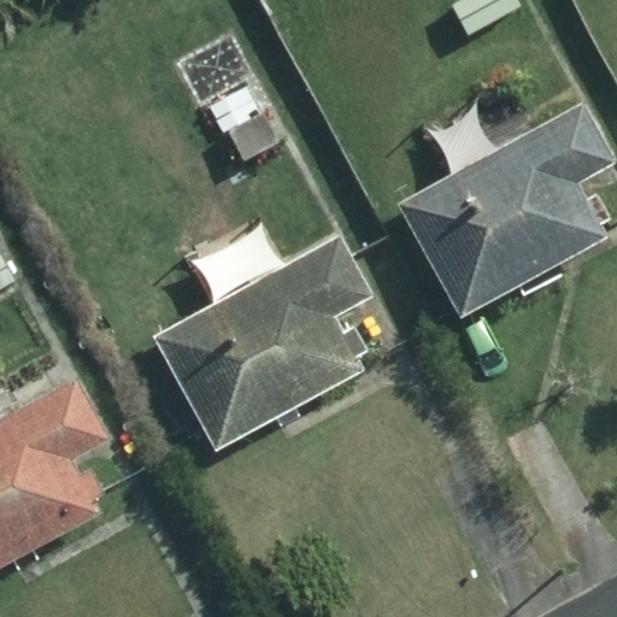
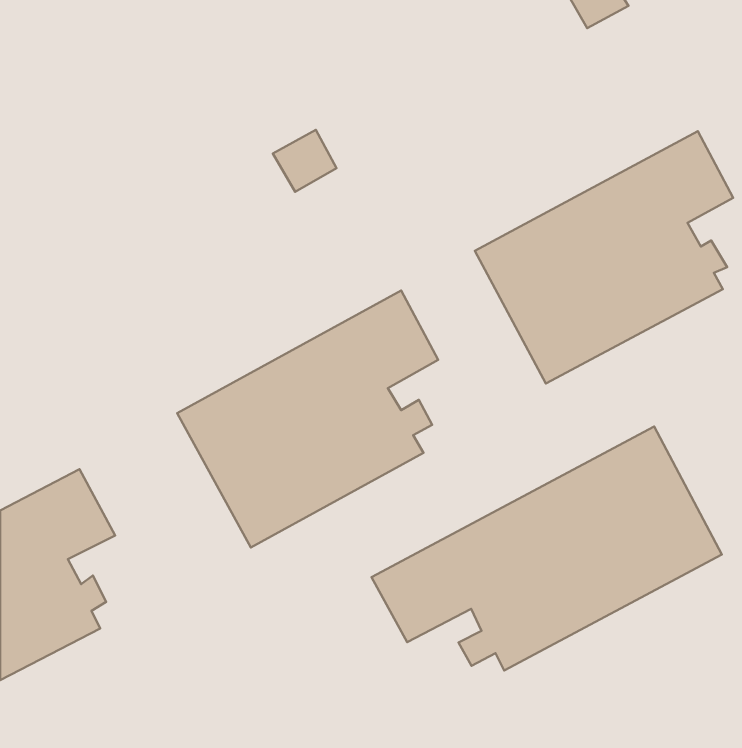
building: none -> [371,426,722,670]

